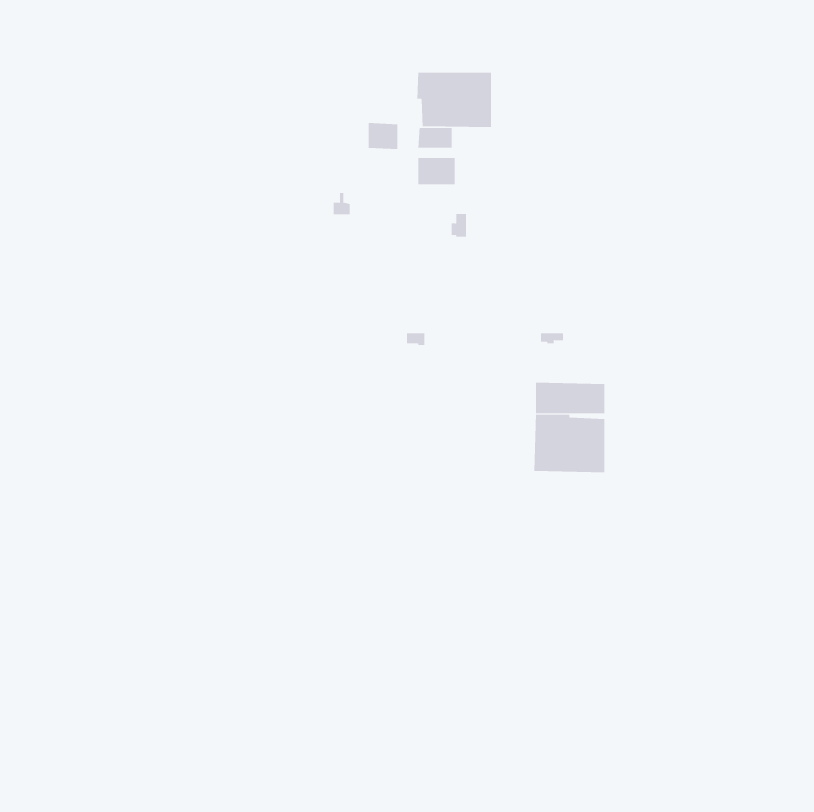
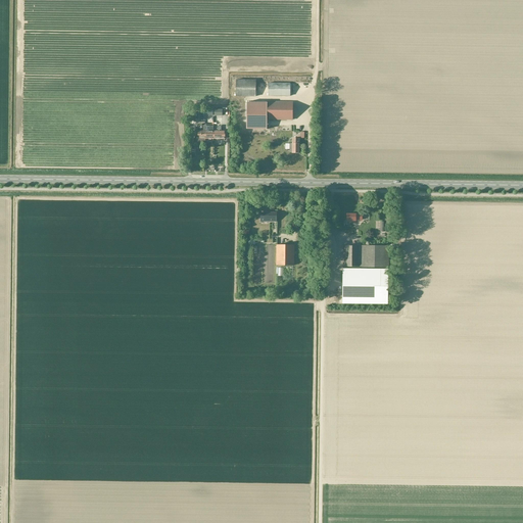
building: [417,72,492,128] -> none
building: none -> [246,101,268,129]
building: none -> [276,244,294,265]

